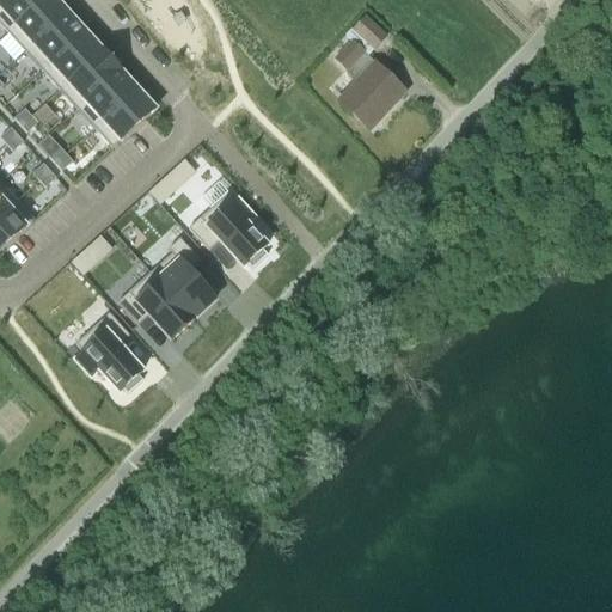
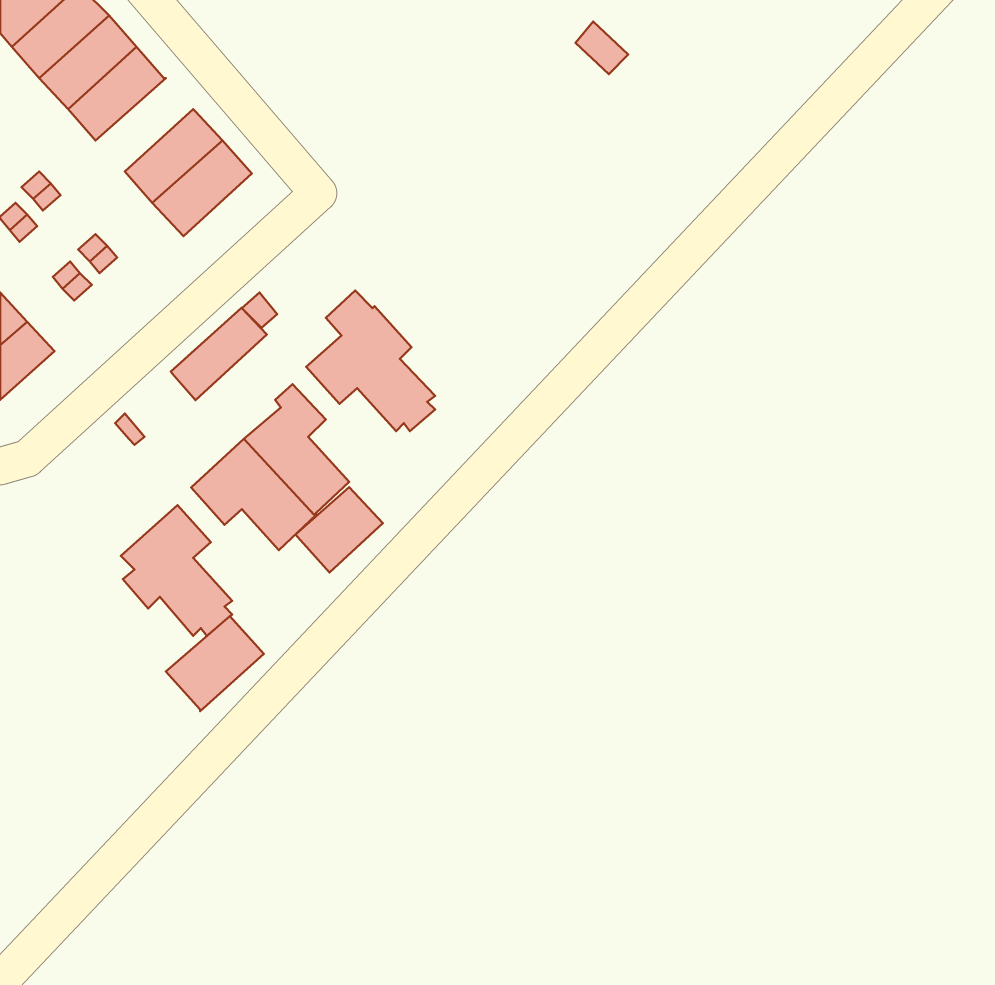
building: [336,37,406,127] -> none
building: [60,47,122,105] -> none
building: none -> [171,308,267,400]
building: none -> [296,487,383,572]
building: none -> [166,616,264,711]

